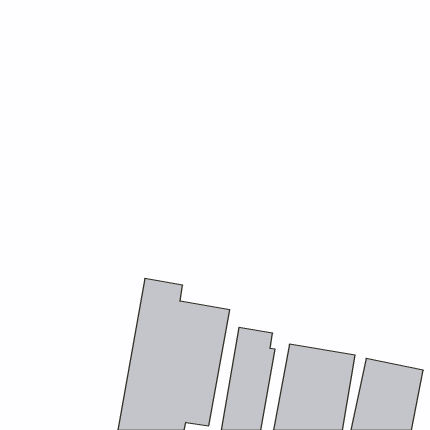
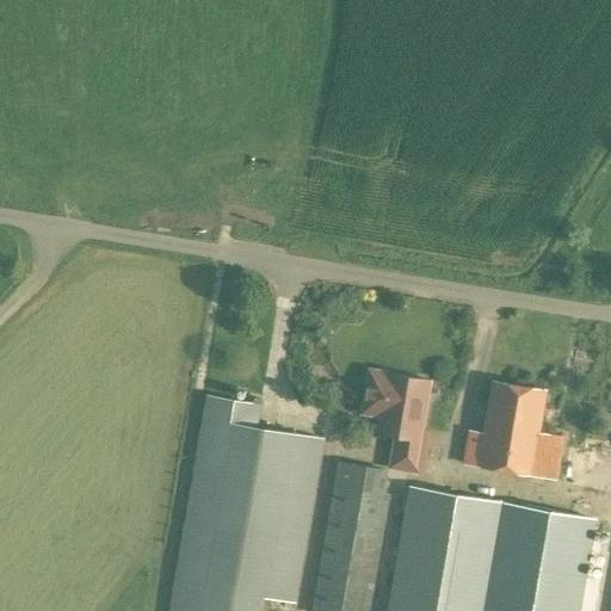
building: none -> [365,372,430,474]
building: none -> [464,382,563,481]

